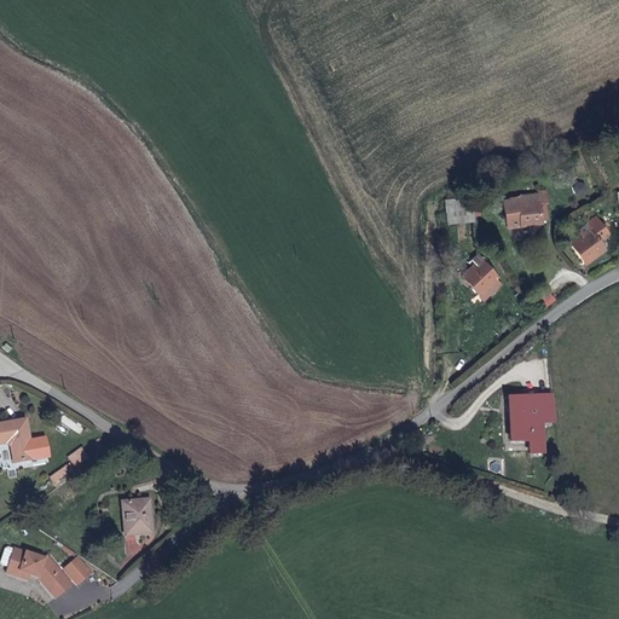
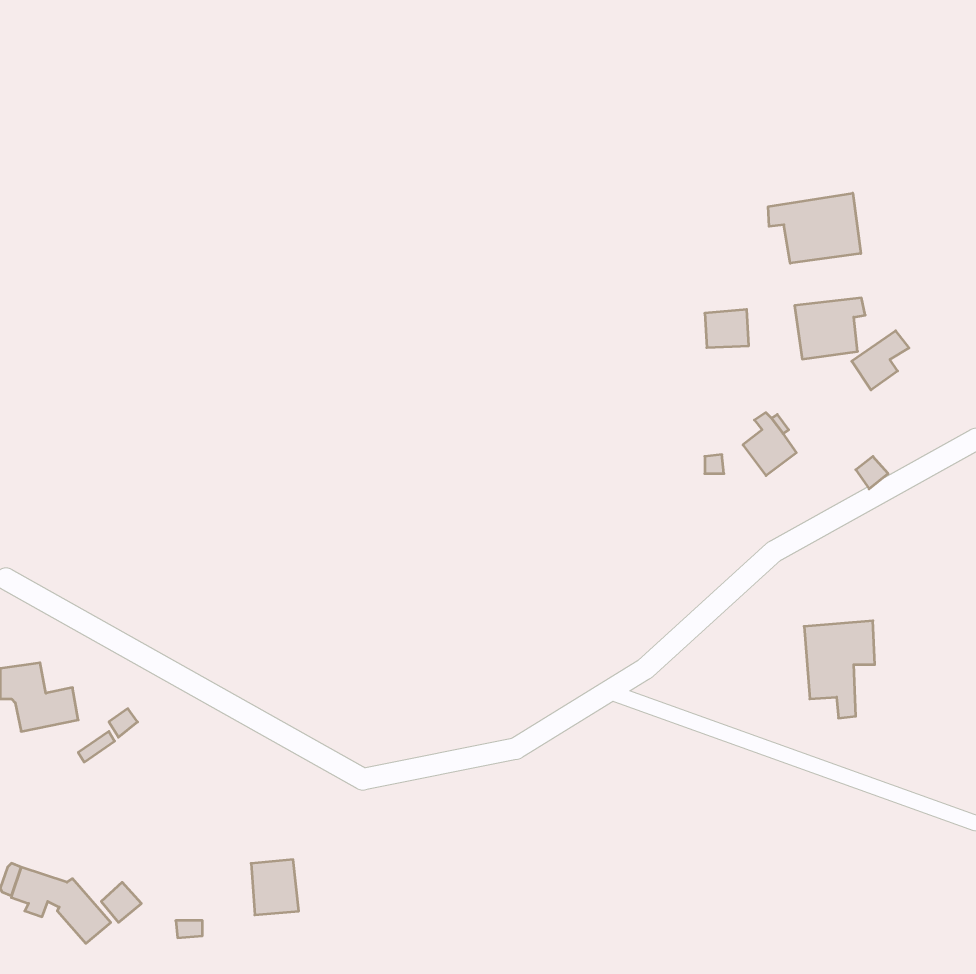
building: none -> [768,193,861,263]
building: [574,224,611,261] -> [852,331,909,390]
building: [121,499,151,534] -> [251,860,299,915]

